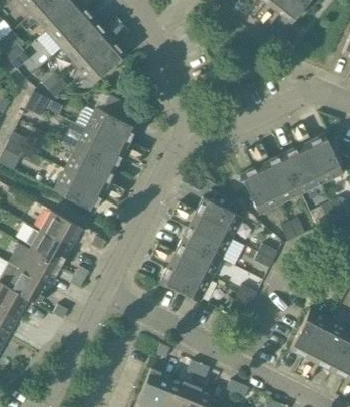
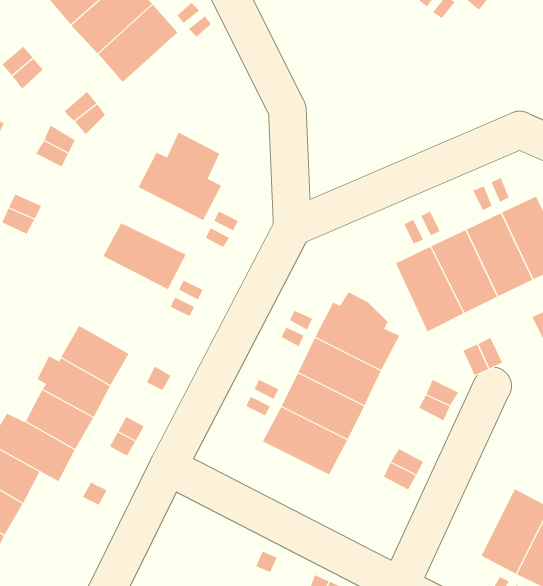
building: [77,36,126,84] -> none
building: [76,128,125,168] -> none
building: [55,169,104,211] -> none

